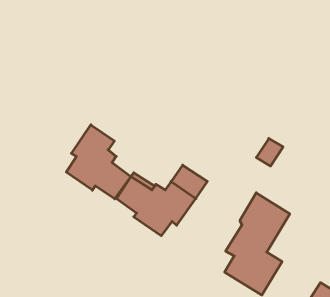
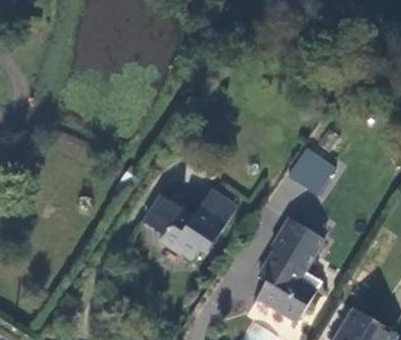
building: [66,125,131,199] -> none

